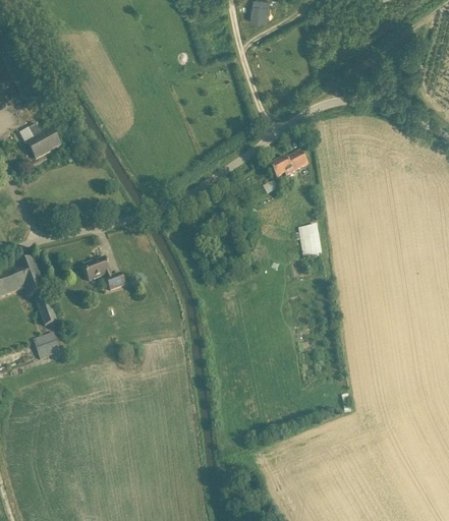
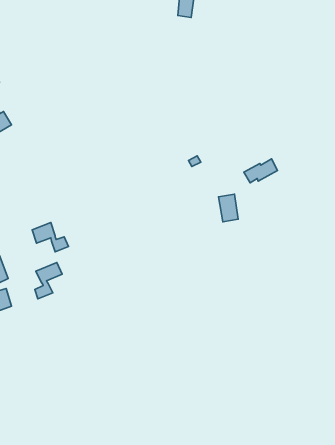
building: [268,150,306,177] -> [244,159,278,183]
building: none -> [35,263,62,299]

